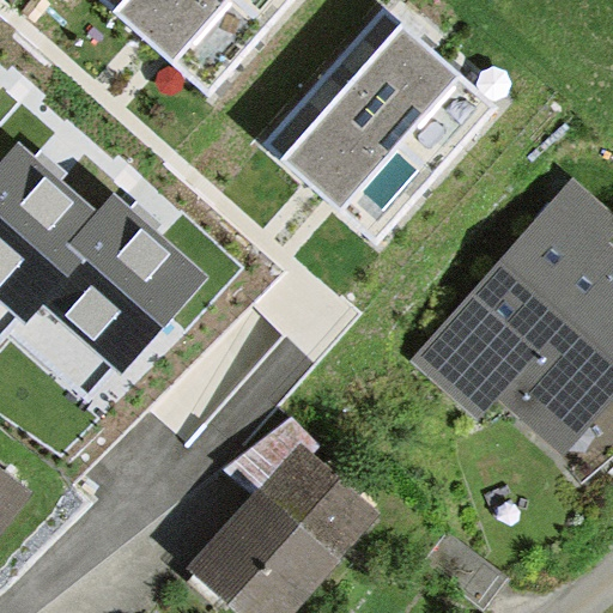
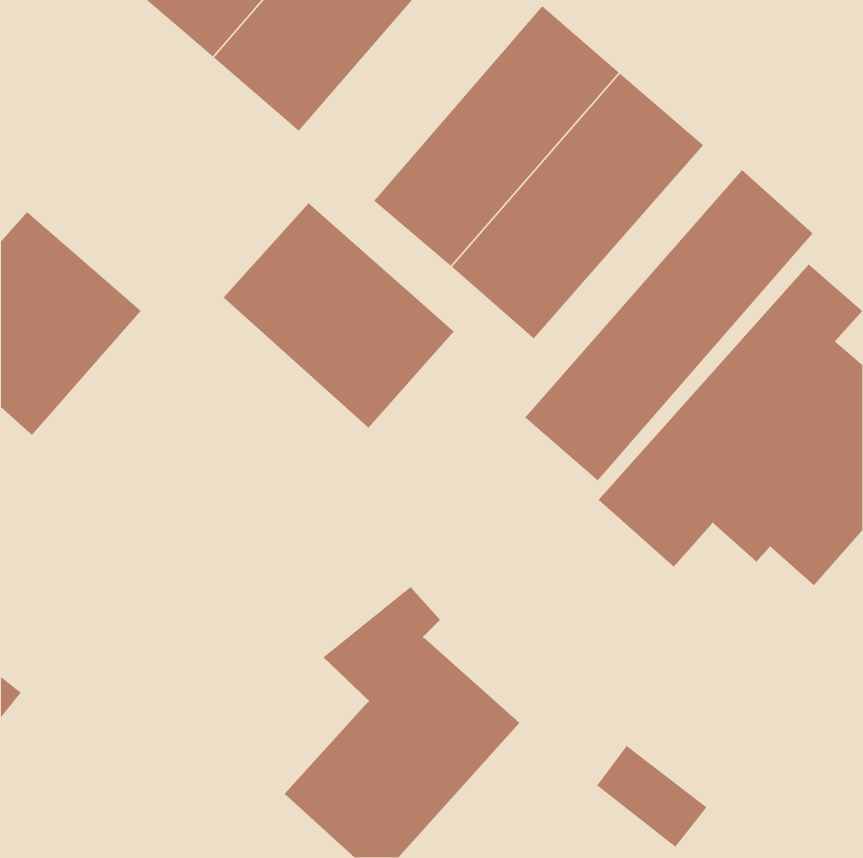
building: none -> [524,169,814,482]
building: none -> [223,202,454,428]
building: [7,202,199,365] -> none

